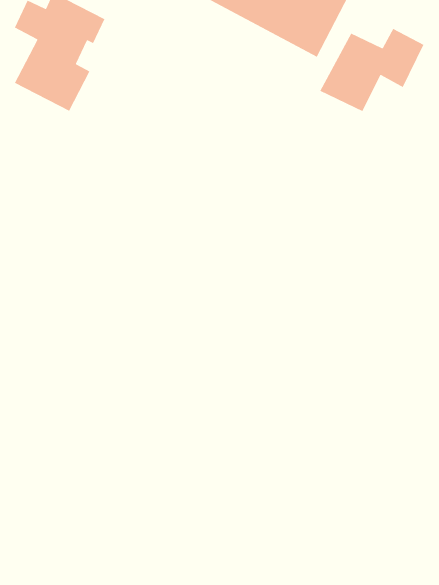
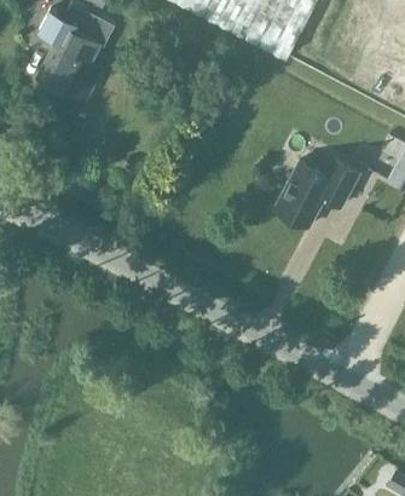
building: [319,28,424,112] -> [273,157,358,225]

